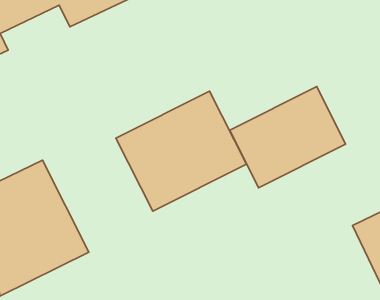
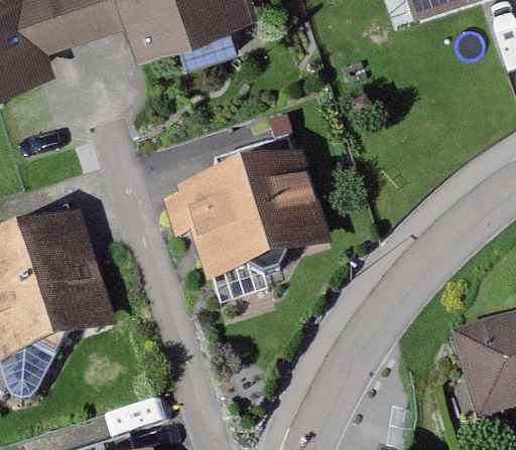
building: [230,87,345,188] -> none

